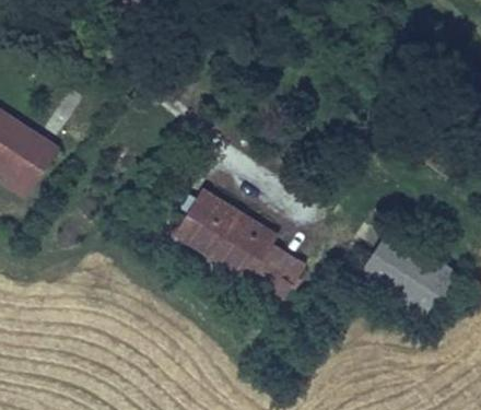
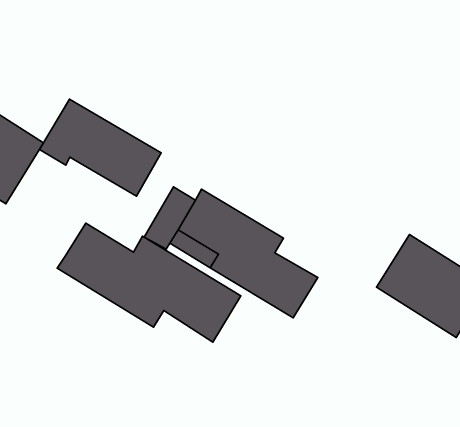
building: none -> [39,99,161,196]
building: none -> [57,223,241,342]

